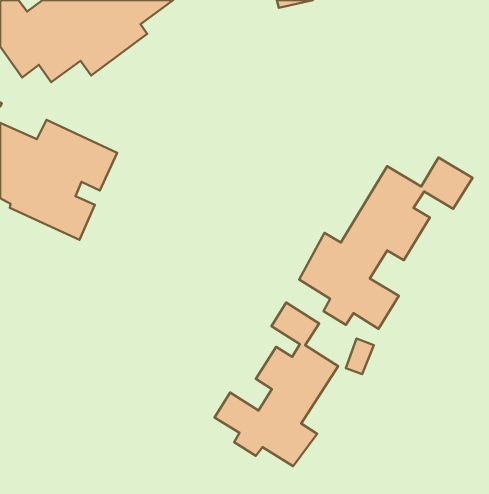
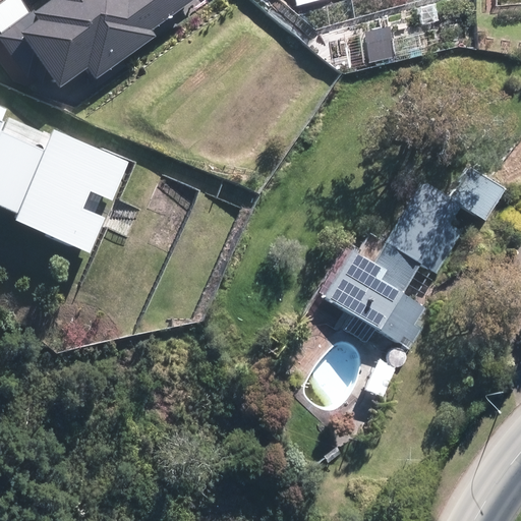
building: [215,302,338,466] -> none

